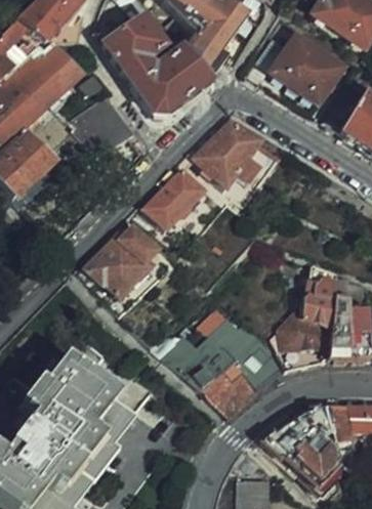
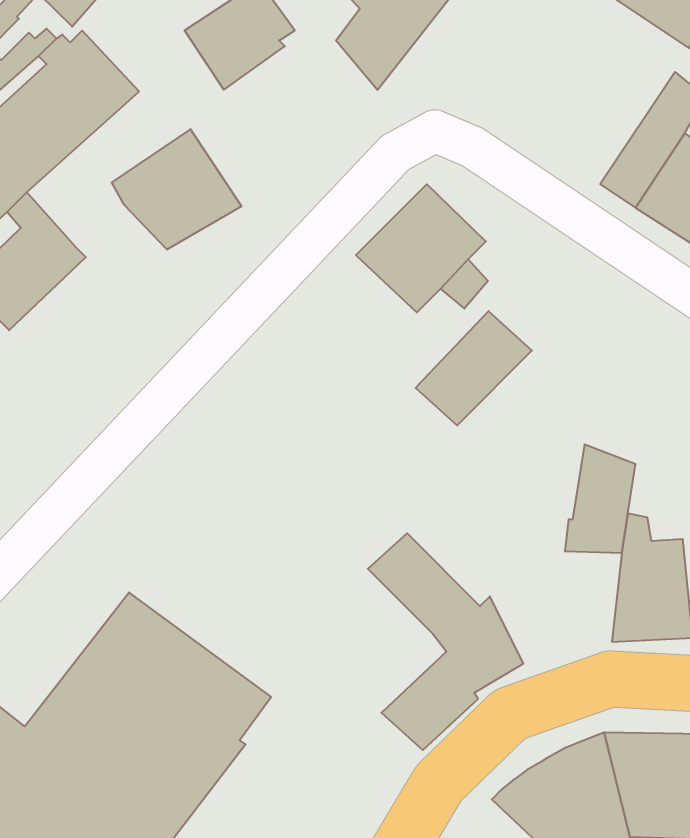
building: [272,34,344,104] -> none
building: [126,47,212,116] -> none
building: [147,167,207,226] -> [416,311,532,425]
building: [87,229,159,295] -> none
building: [272,312,333,369] -> none

